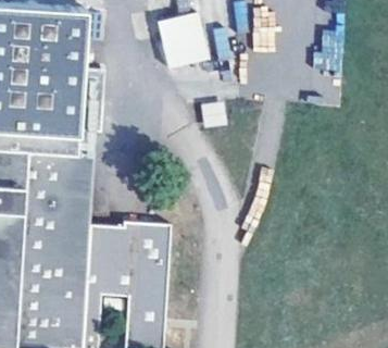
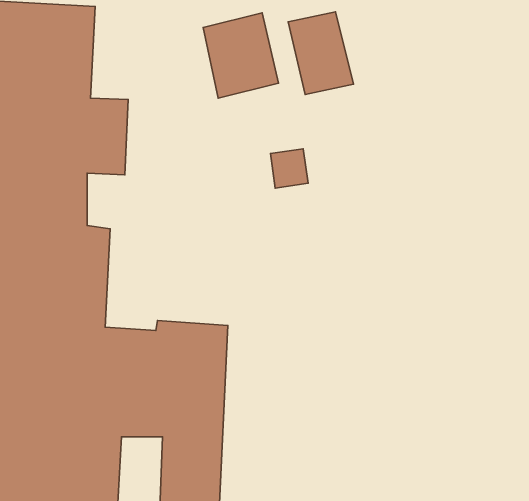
building: none -> [288,12,353,95]

